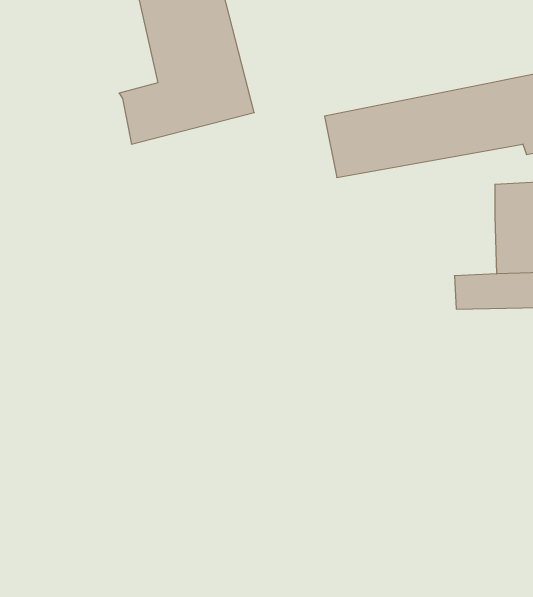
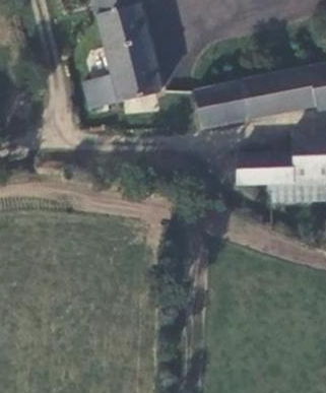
building: none -> [243,149,300,184]

